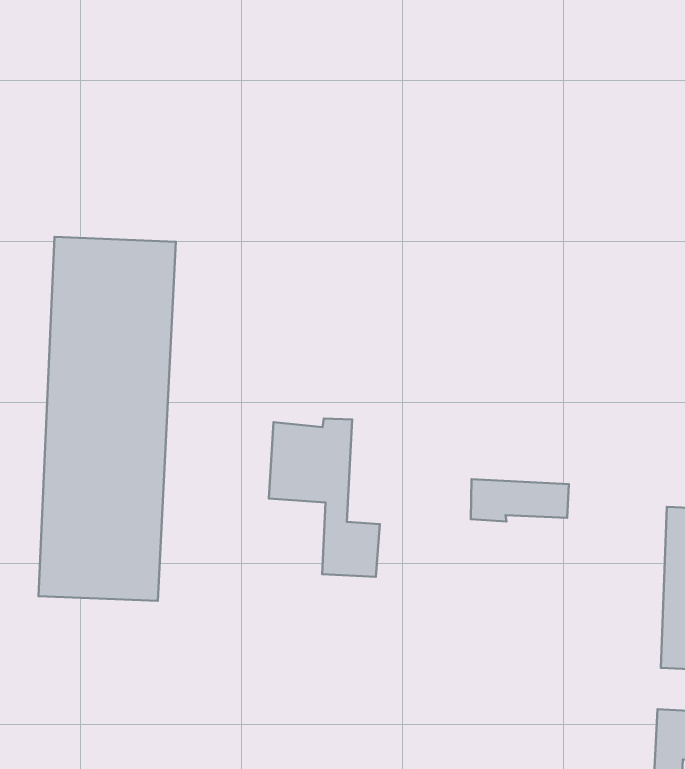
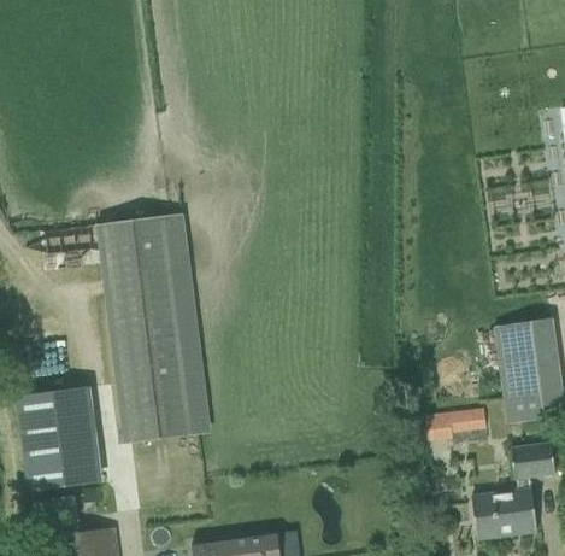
building: [269,418,380,577] -> none
building: [471,479,569,521] -> [425,409,487,440]

